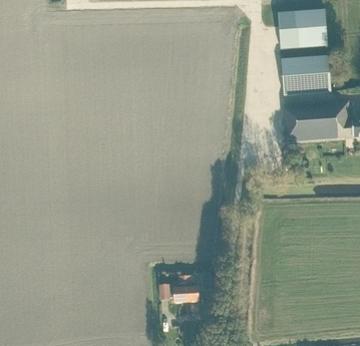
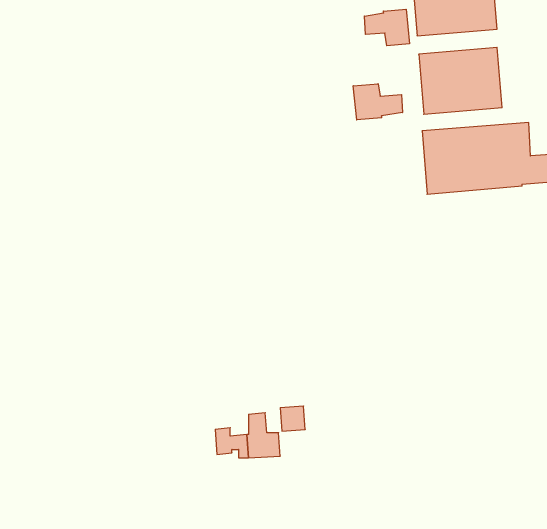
building: none -> [364,9,409,46]
building: none -> [353,84,402,120]

